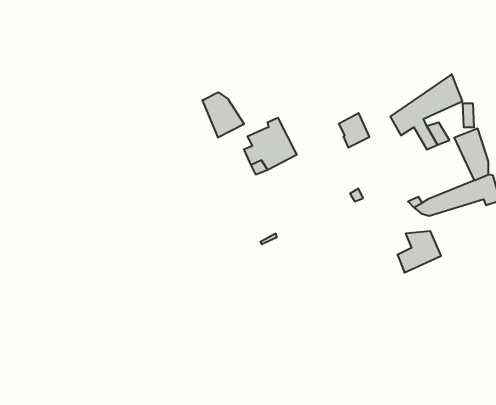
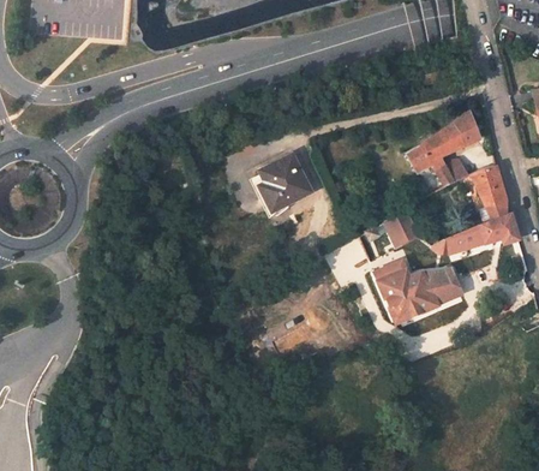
building: [202,92,244,138] -> none
building: [339,113,369,147] -> [387,210,418,245]
building: none -> [373,262,427,323]

